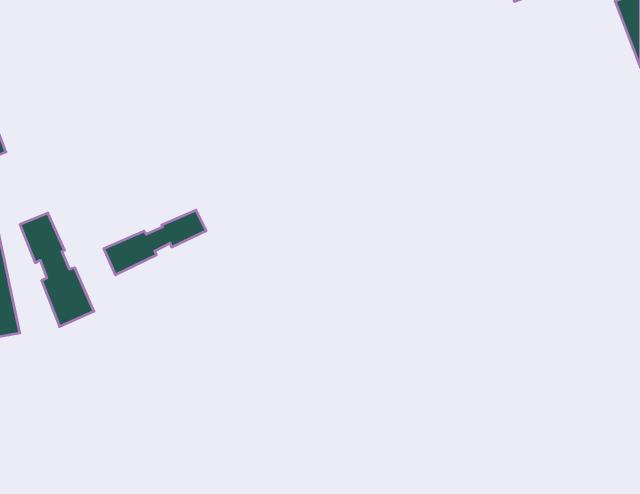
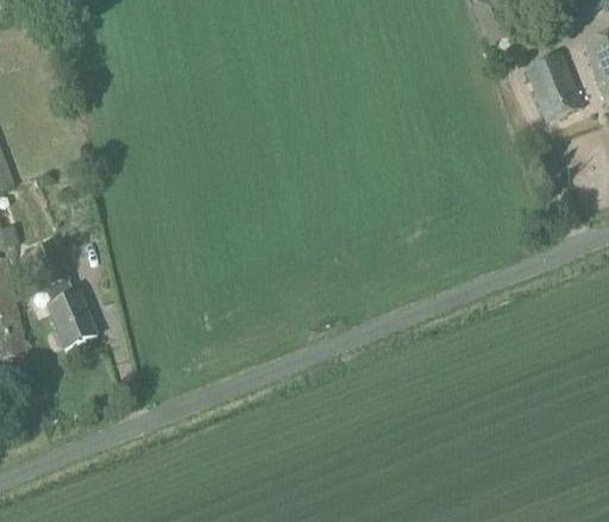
building: none -> [522,50,582,120]
building: [104,210,206,275] -> none

